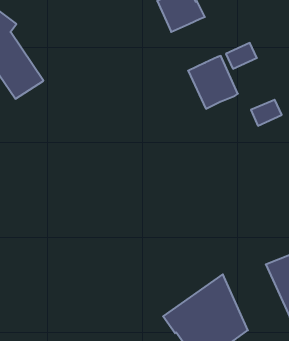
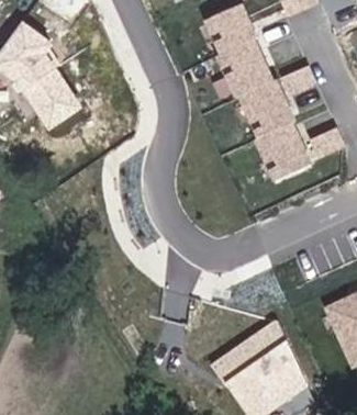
building: none -> [216,36,271,94]
building: none -> [255,121,310,178]

